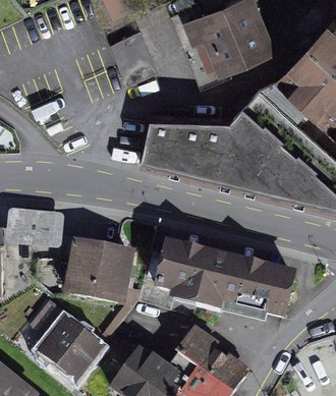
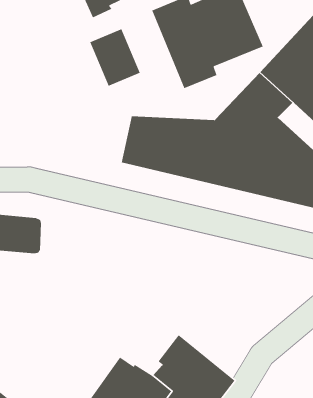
building: [63,239,135,306] -> none
building: [154,240,298,321] -> none
building: [31,302,108,383] -> none

